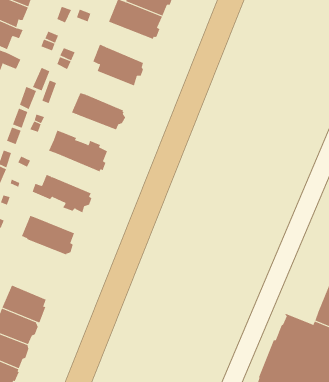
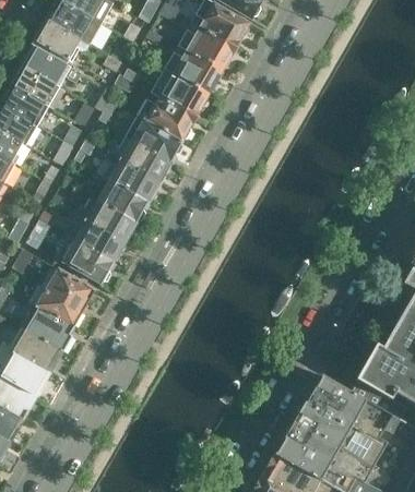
building: none -> [165,47,222,95]
building: none -> [138,97,195,142]
building: none -> [108,136,170,182]
building: none -> [91,177,147,224]
building: none -> [68,214,123,263]
building: none -> [34,269,95,328]

